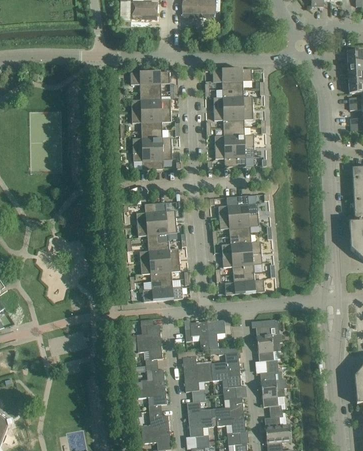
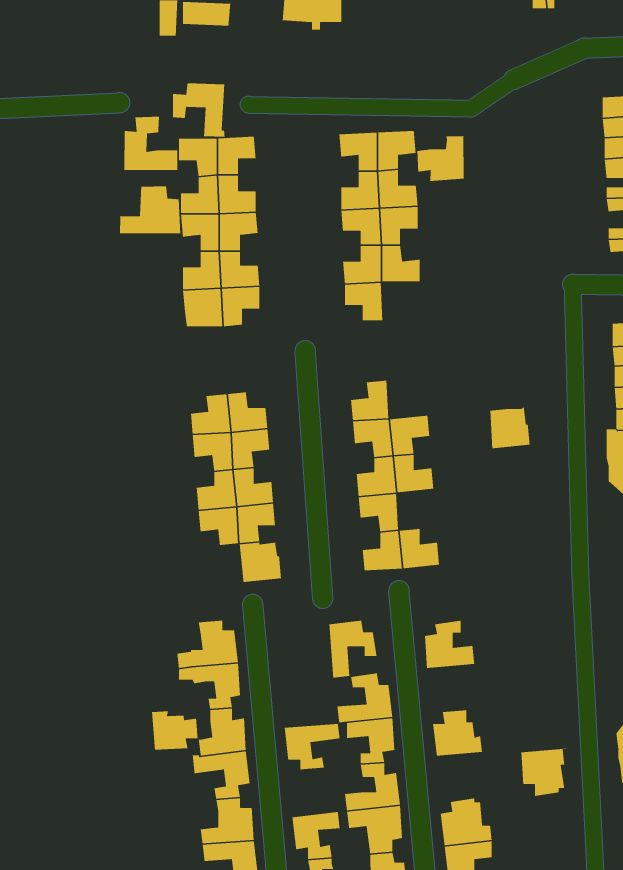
building: none -> [172,83,226,137]
building: none -> [124,116,178,171]
building: none -> [416,135,464,182]
building: none -> [119,186,181,234]
building: [234,145,254,165] -> none
building: [237,193,258,215] -> [489,406,530,449]
building: [242,251,262,272] -> none
building: [143,279,163,300] -> none
building: [185,320,209,349] -> none
building: [257,341,280,365] -> none
building: [182,350,212,373] -> none
building: none -> [151,710,199,751]
building: [262,386,286,411] -> [520,748,567,797]
building: [187,394,216,419] -> none

